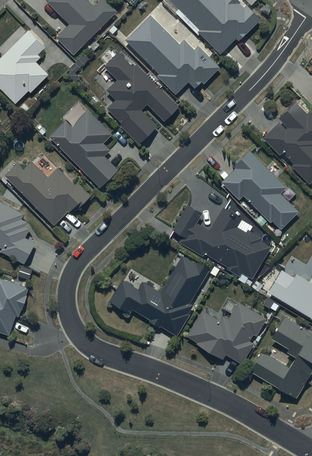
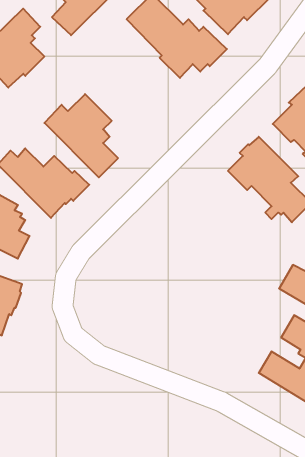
building: [104,53,178,144] -> none
building: [172,204,271,280] -> none
building: [109,255,210,336] -> none
building: [187,303,266,364] -> none

